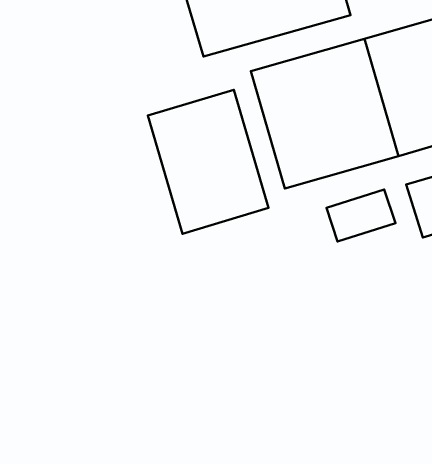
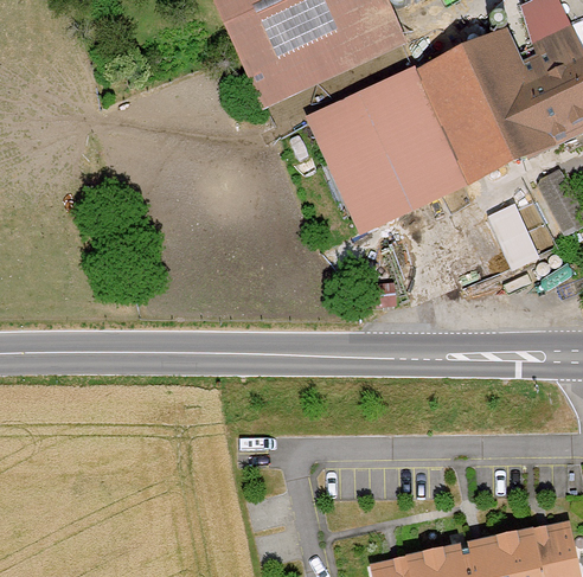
building: [148,90,268,234] -> none
building: [326,189,395,241] -> none

